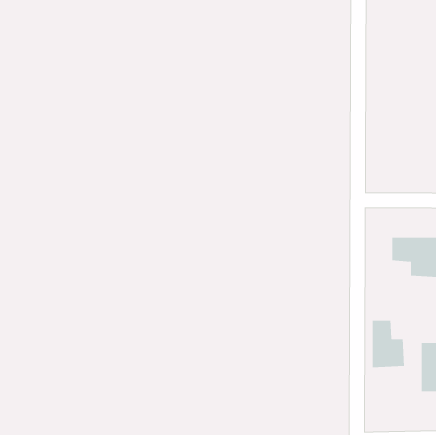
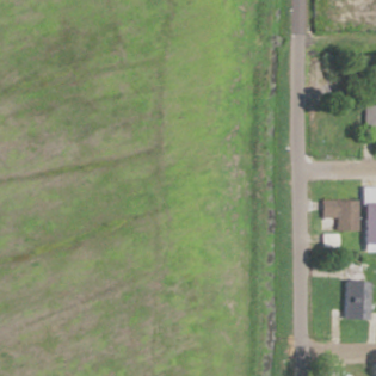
building: [372,320,404,368] -> none

